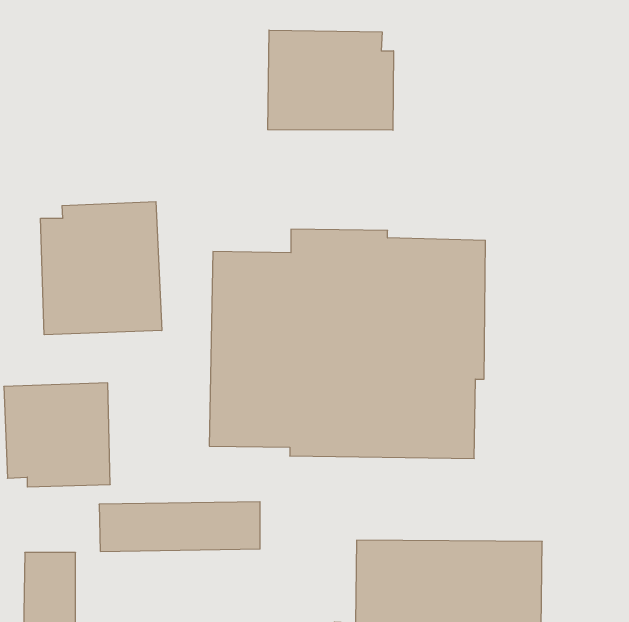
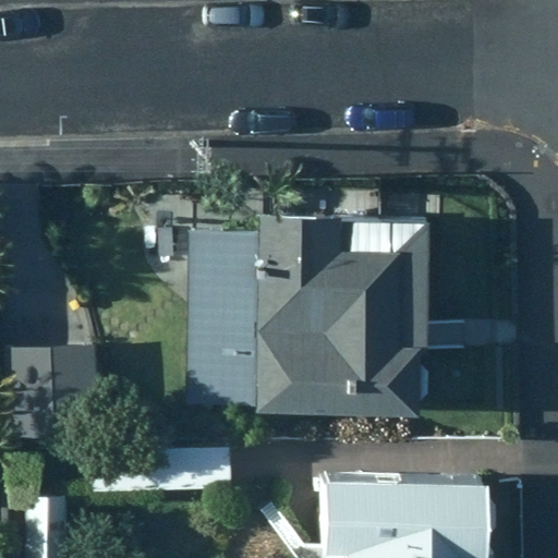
building: [268,30,393,130] -> none
building: [41,202,162,335] -> none

